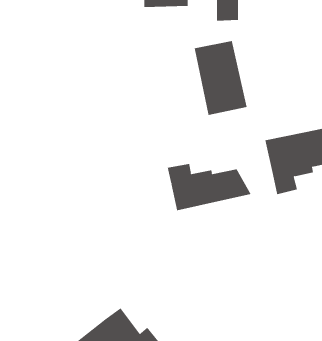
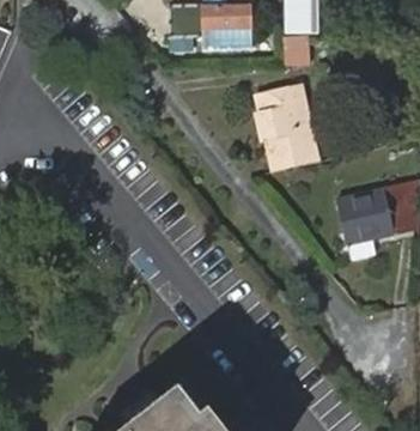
building: [167,163,252,211] -> none

